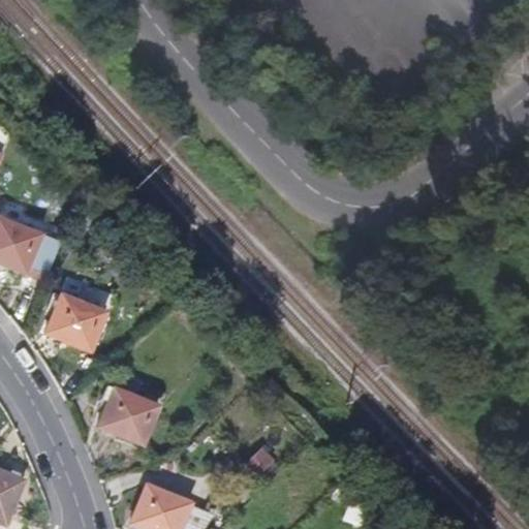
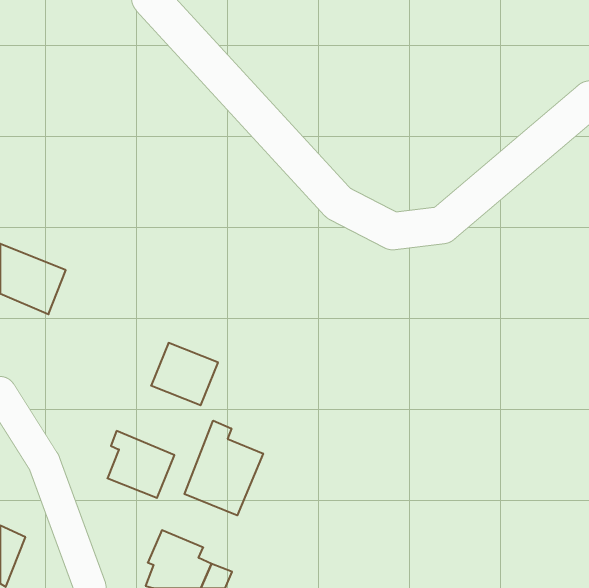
building: [45,295,105,351] -> [151,343,218,405]
building: none -> [184,421,263,515]

